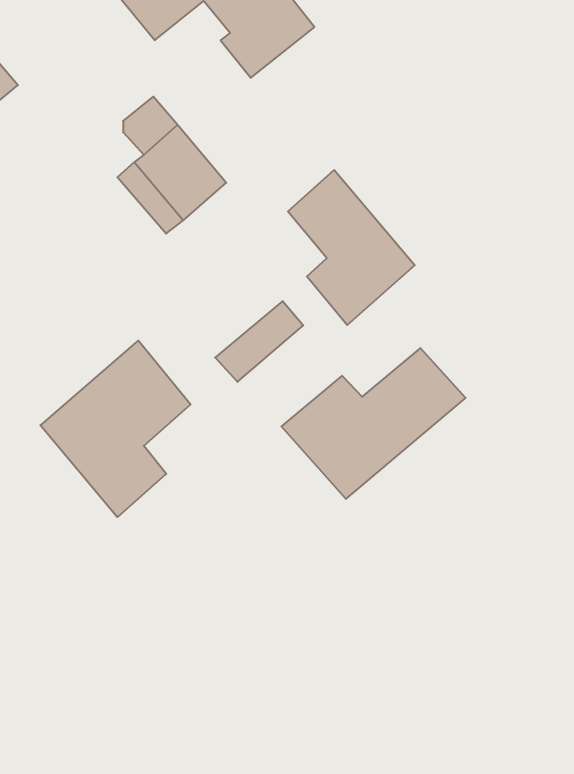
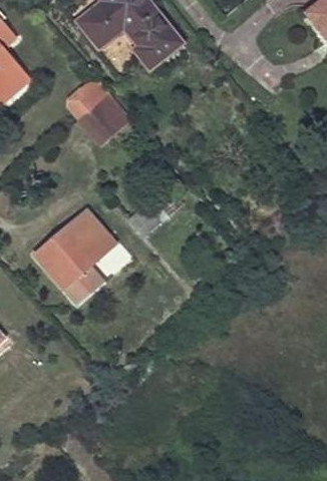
building: [288,170,415,325] -> none
building: [281,348,466,499] -> none

